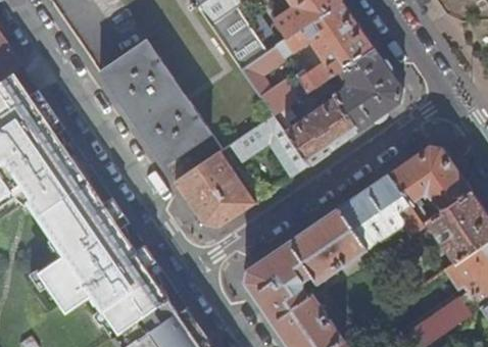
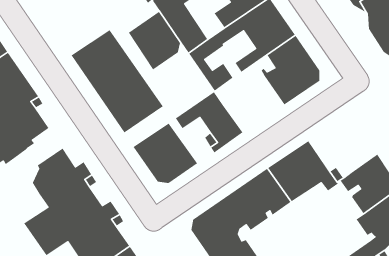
building: none -> [128,11,181,71]
building: [284,95,357,163] -> none
building: [387,143,471,211] -> none
building: [31,158,89,240] -> none

